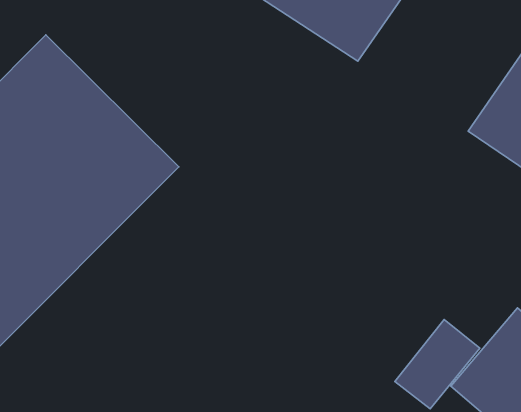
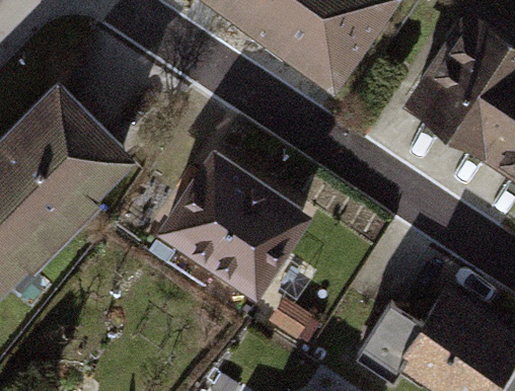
building: none -> [155,146,317,301]

